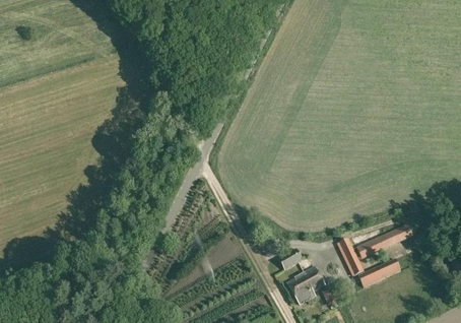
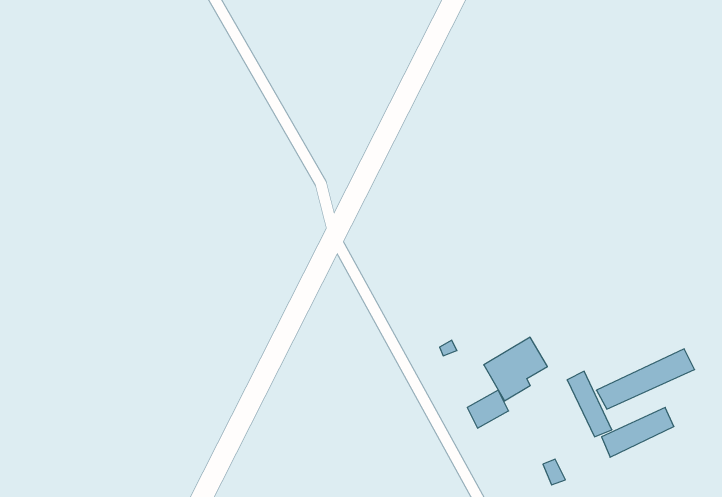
building: [287,266,325,304] -> [484,337,547,401]

